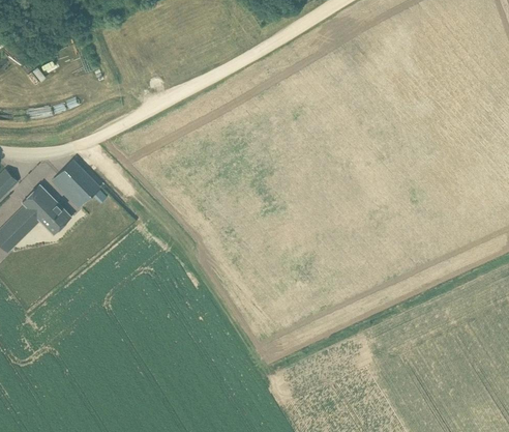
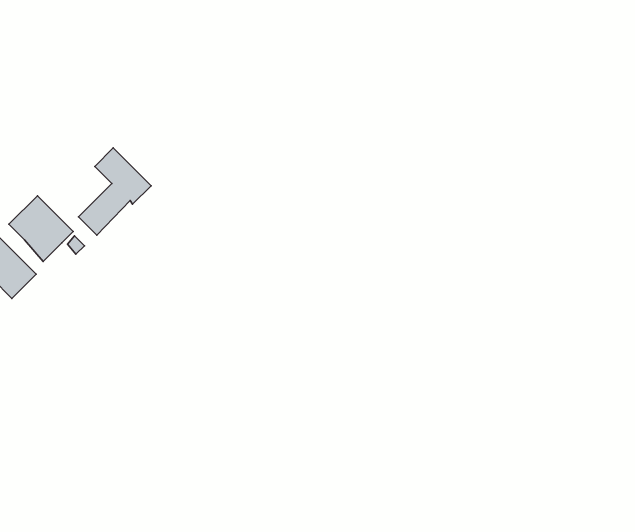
building: none -> [78,148,151,235]

